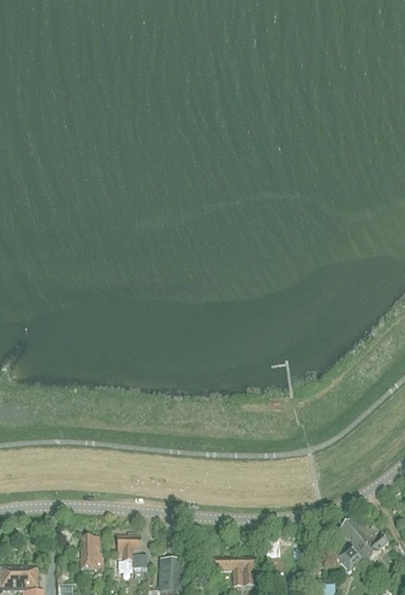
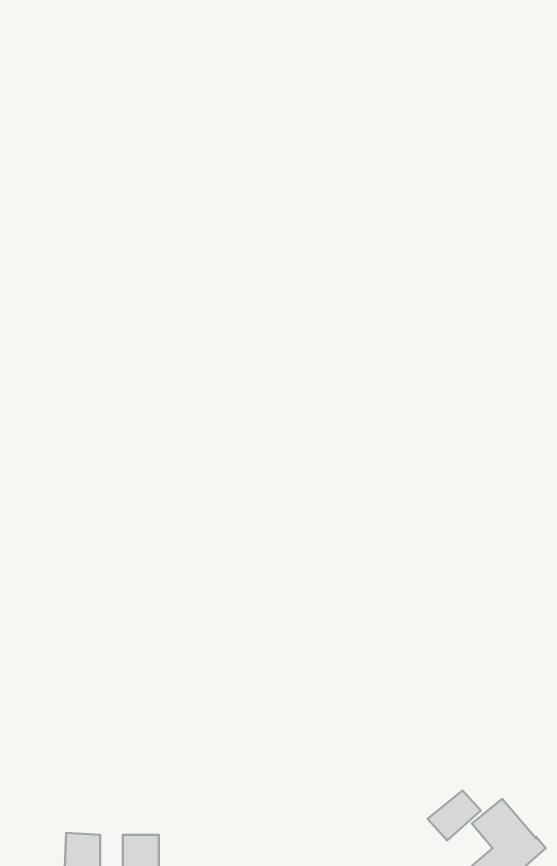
building: none -> [428,790,481,840]

